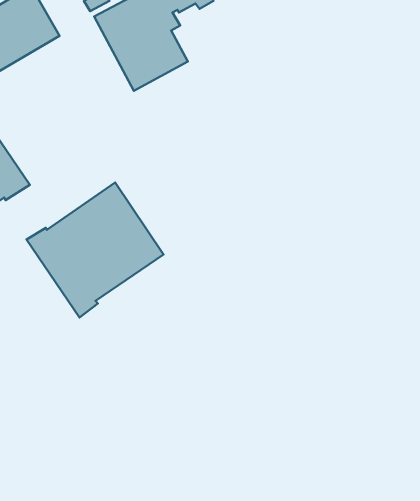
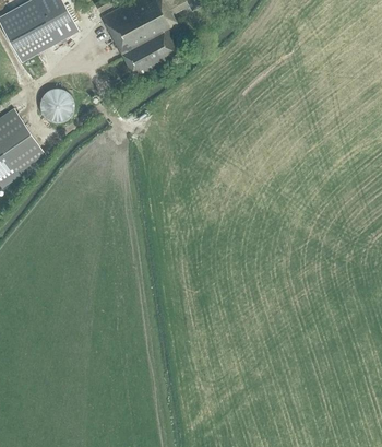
building: none -> [39,87,74,122]
building: [26,182,163,318] -> none

